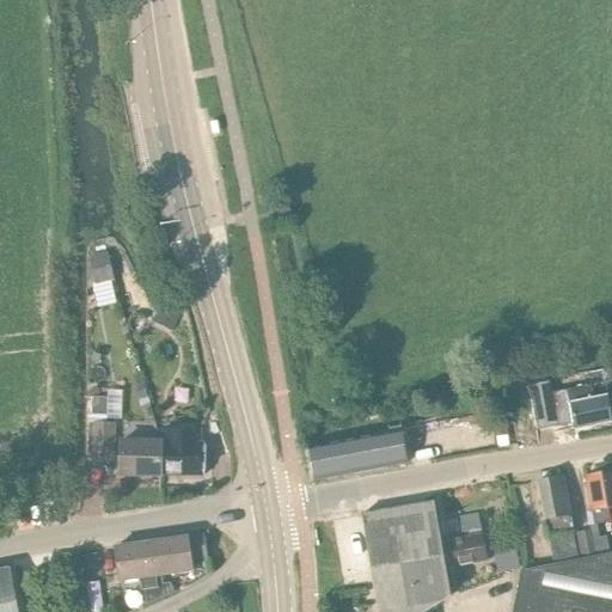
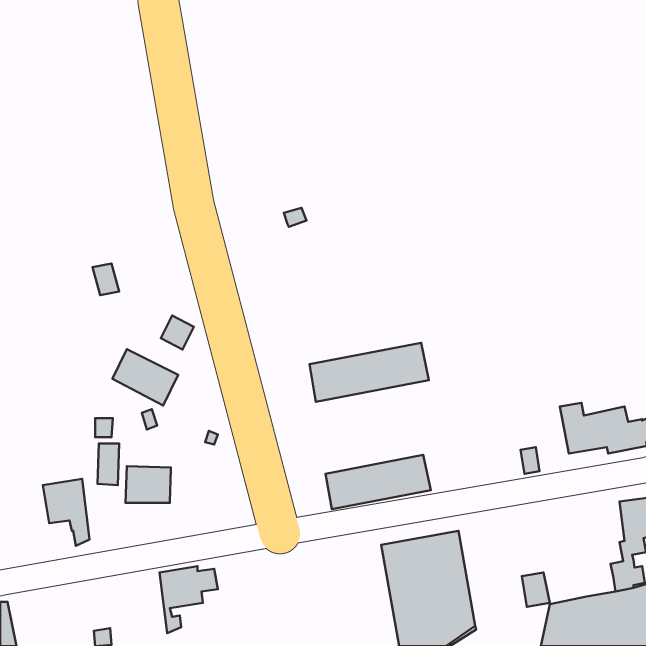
building: none -> [309,343,429,402]
building: none -> [112,349,178,405]
building: [161,429,204,473] -> none
building: [538,475,582,563] -> none
building: [448,512,488,567] -> none
building: [115,540,159,604] -> [43,479,90,546]

